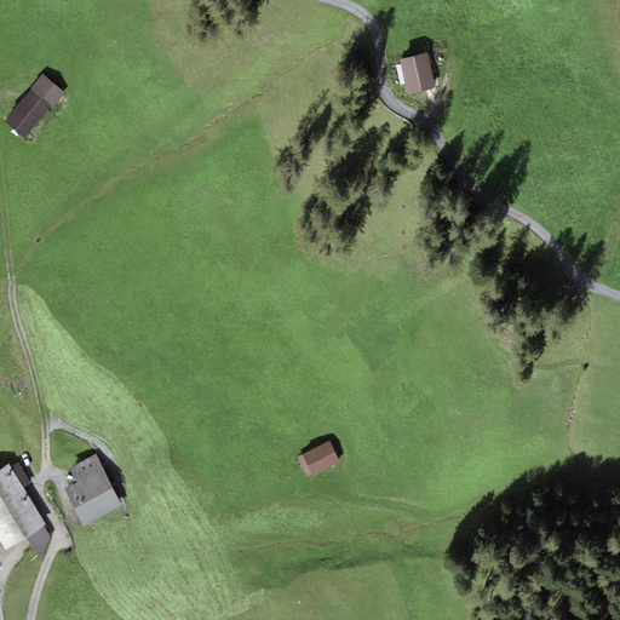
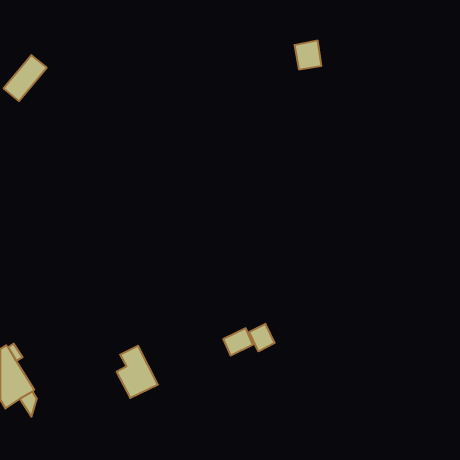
building: none -> [249,324,275,351]
building: [65,455,121,526] -> [117,346,158,398]

